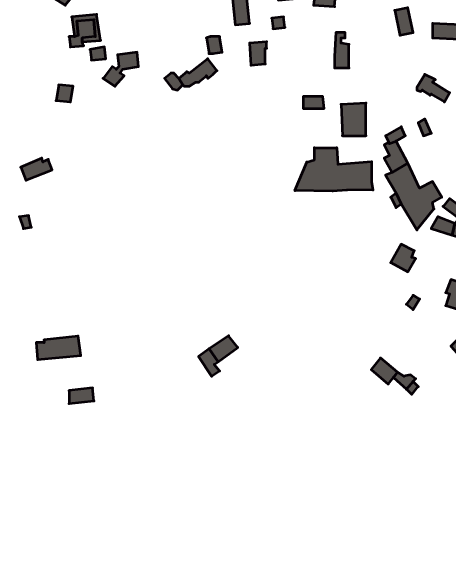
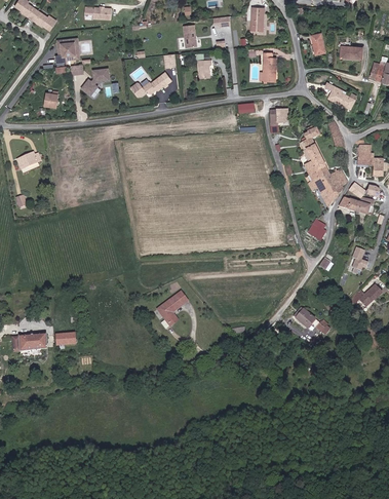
building: [295,148,373,191] -> none
building: [36,336,81,360] -> [12,332,47,350]

